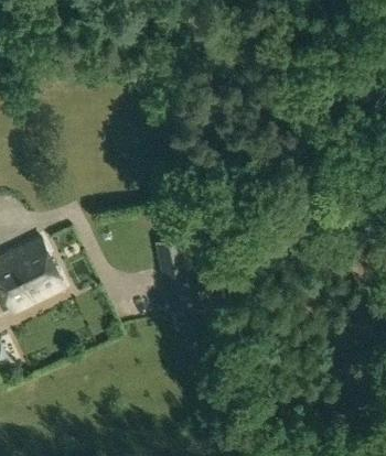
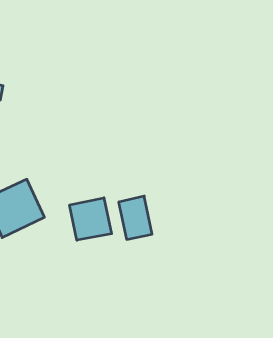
building: none -> [70,198,112,240]

